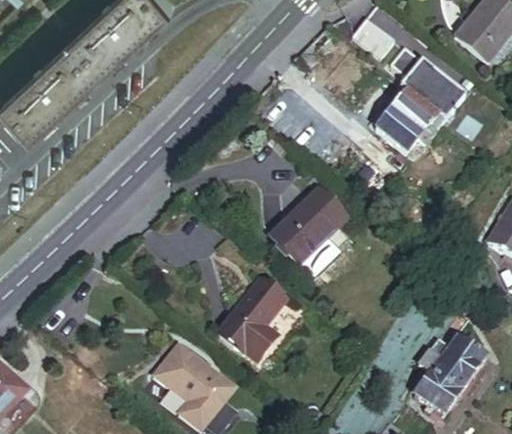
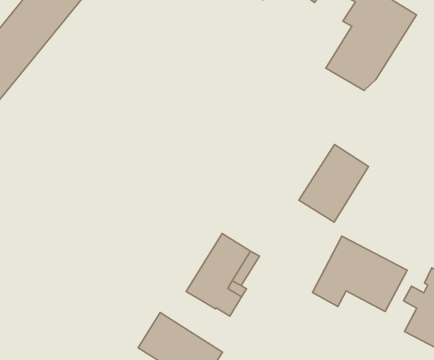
building: [273,190,345,265] -> [299,145,369,222]
building: none -> [312,236,407,311]

